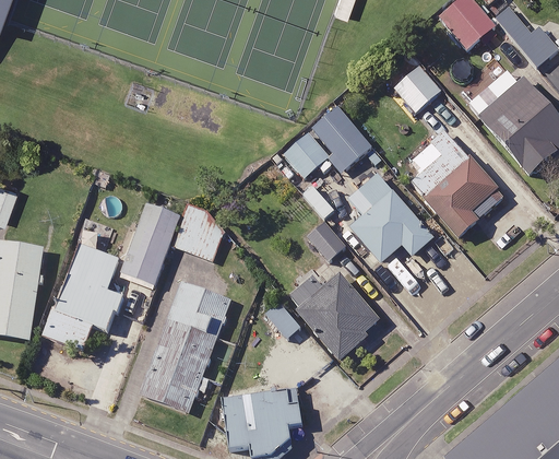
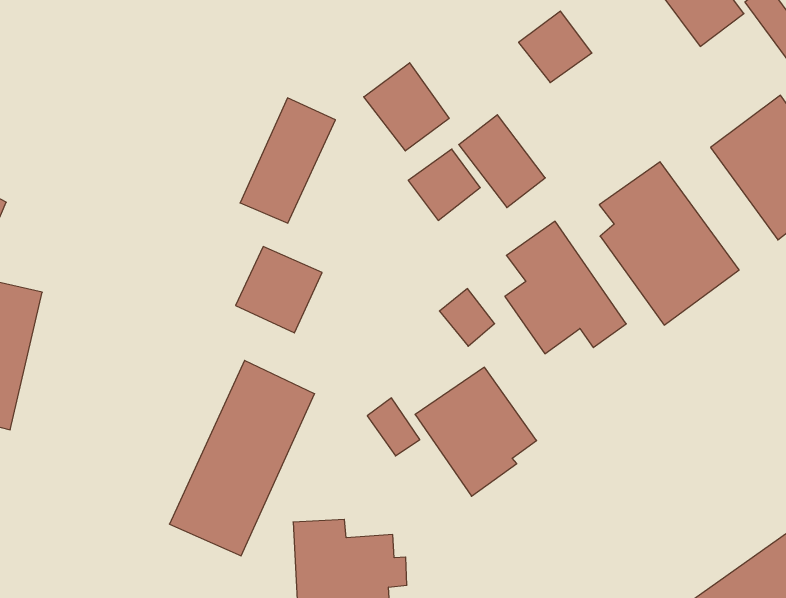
building: [392,64,441,113] -> [519,11,592,83]
building: none -> [364,63,449,151]
building: [120,204,179,287] -> [240,98,335,223]
building: [45,245,122,351] -> none

